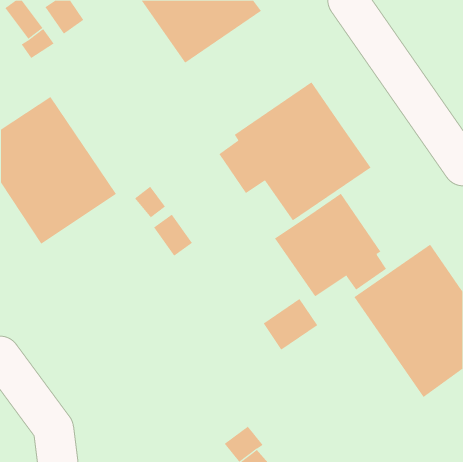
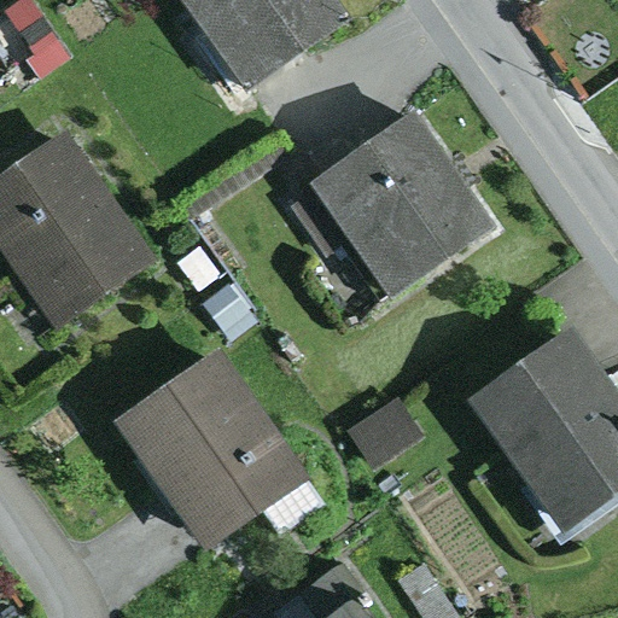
building: [274,193,387,297] -> none
building: none -> [115,348,309,548]

